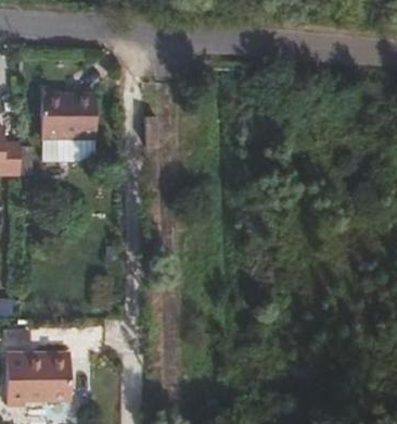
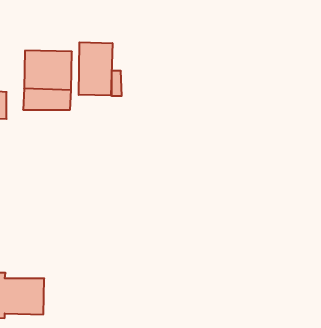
building: none -> [79,42,112,96]

